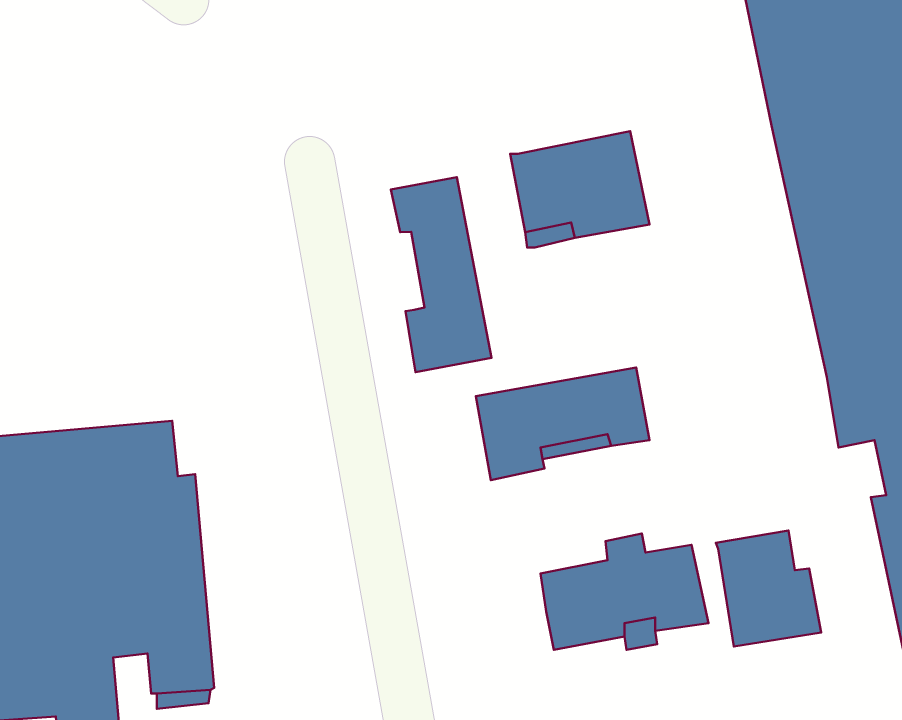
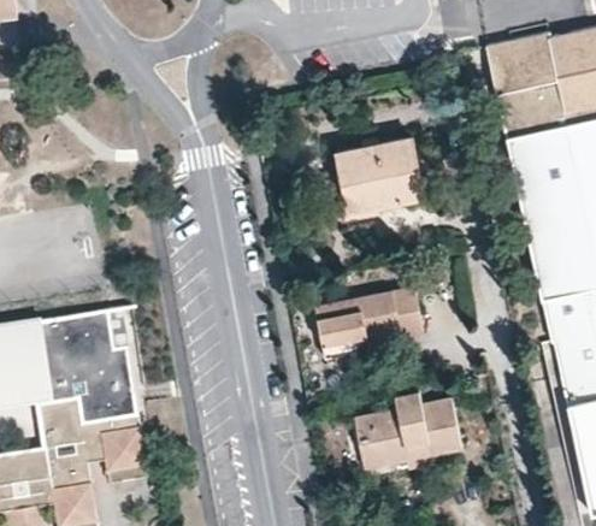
building: [391,177,492,372] -> none
building: [716,530,821,646] -> none

